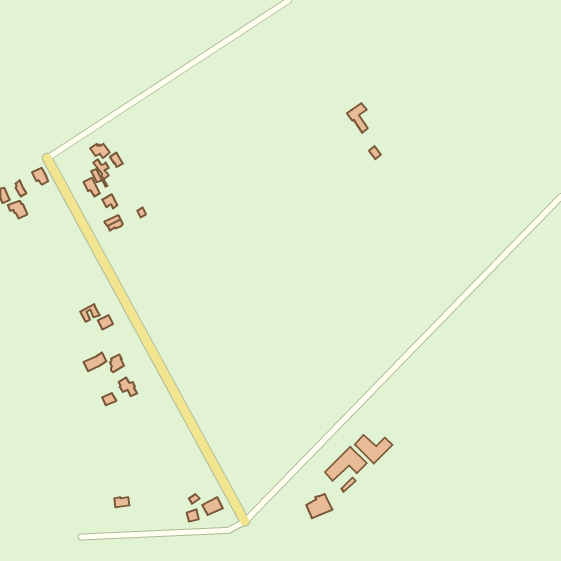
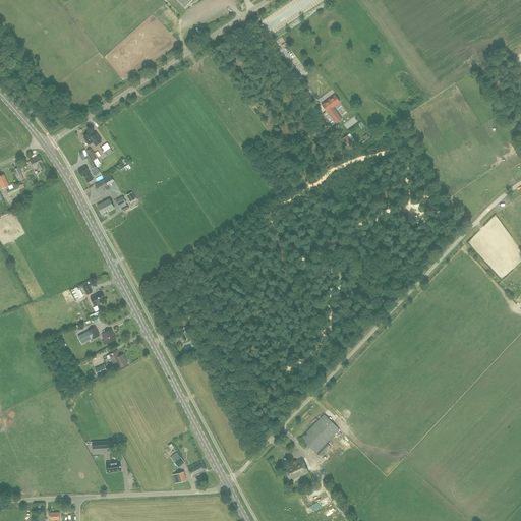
building: [355,435,392,464] -> none

